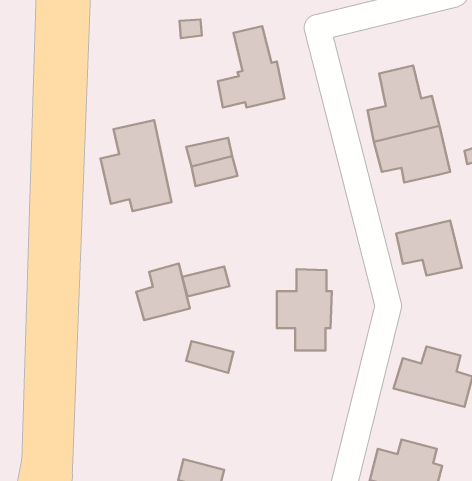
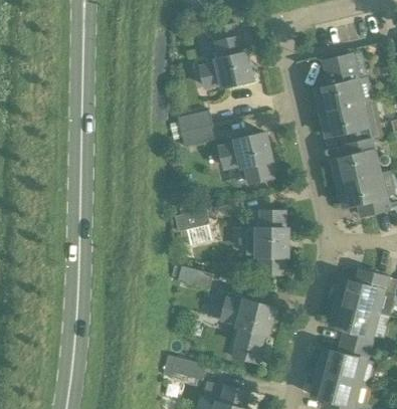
building: [101,120,172,211] -> none
building: none -> [220,133,272,183]
building: none -> [332,139,379,184]
building: [136,264,190,320] -> none
building: none -> [210,296,274,363]
building: none -> [330,302,378,349]

